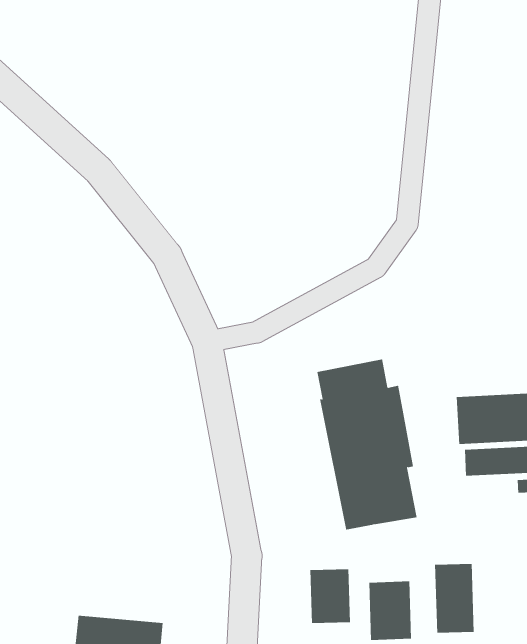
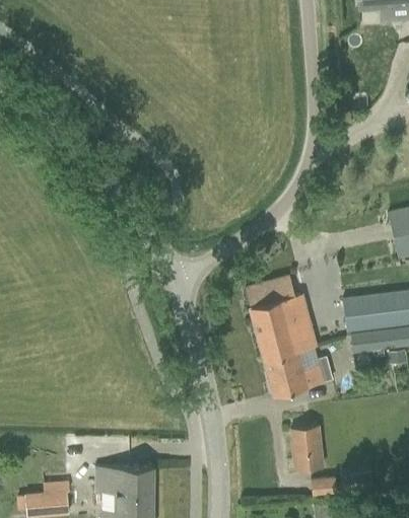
building: [435,563,474,634] -> none
building: [310,569,350,624] -> none

